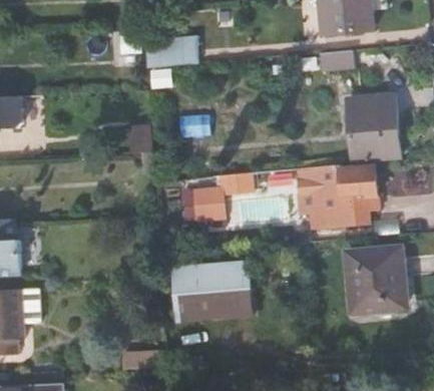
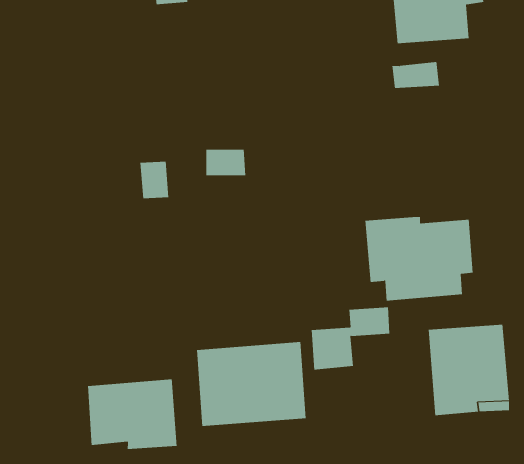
building: [143,37,198,68] -> none
building: [345,93,398,162] -> none
building: [193,172,253,220] -> [311,307,390,370]
building: none -> [87,378,177,450]

